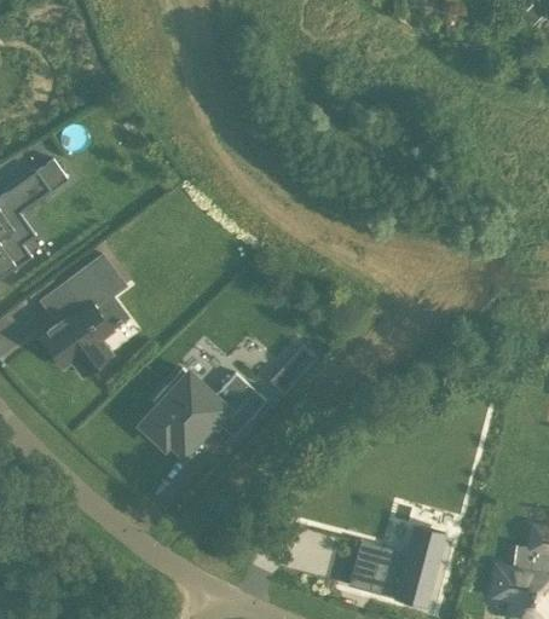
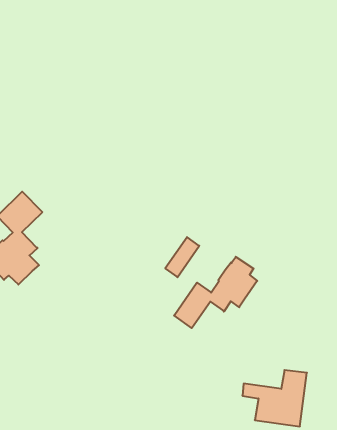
building: [138,368,266,452] -> none
building: none -> [174,257,257,328]

